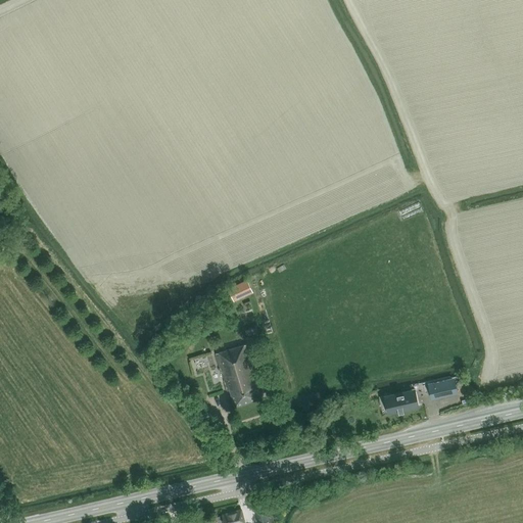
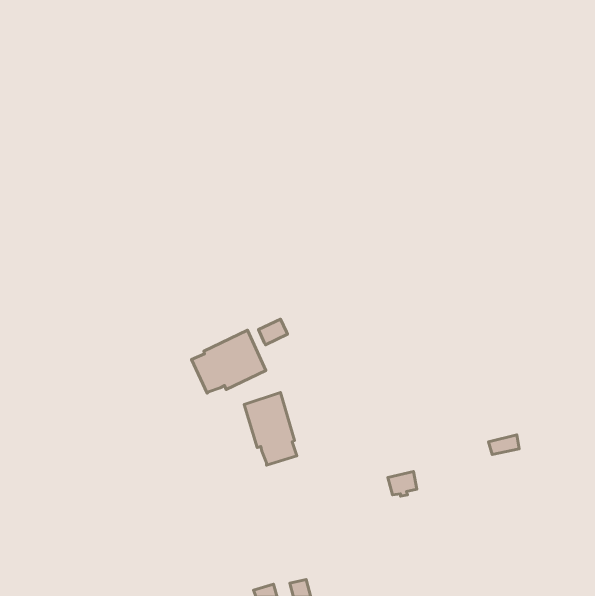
building: none -> [191,330,266,393]
building: [385,393,411,415] -> [388,472,417,496]

